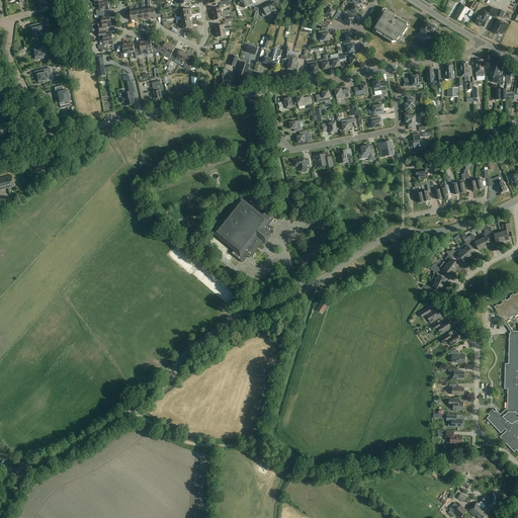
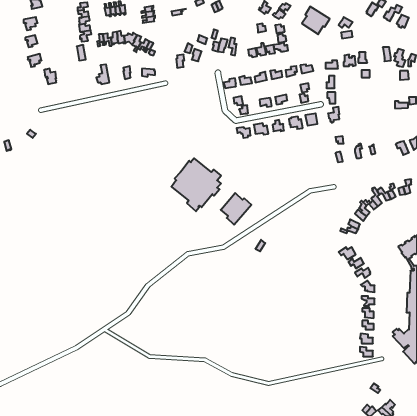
building: none -> [221,193,251,225]

